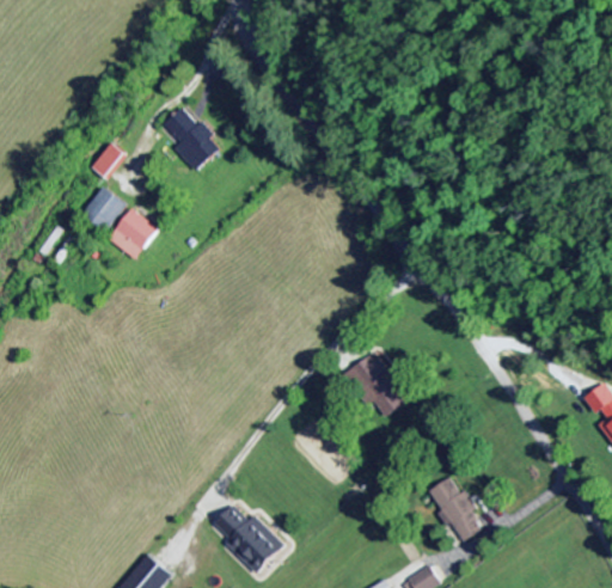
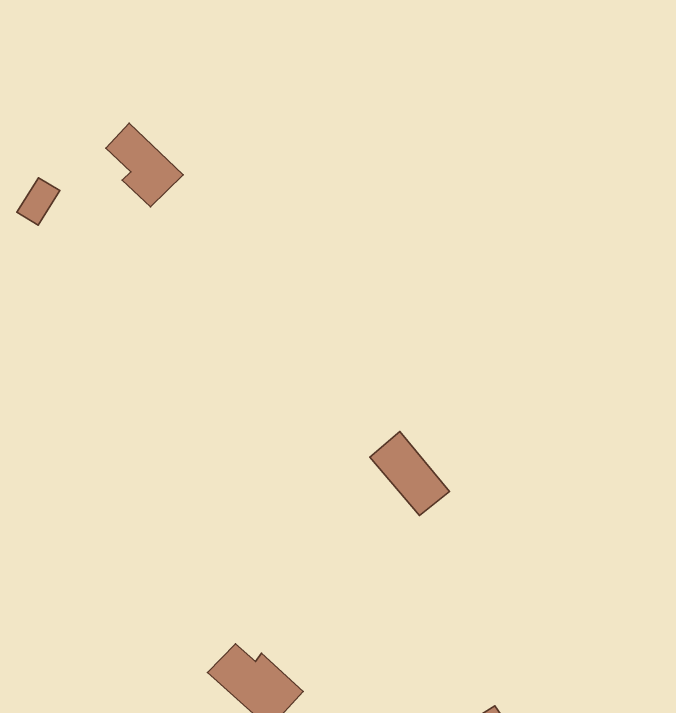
building: [84,186,127,231] -> none
building: [108,208,158,259] -> none
building: [429,478,482,543] -> none

